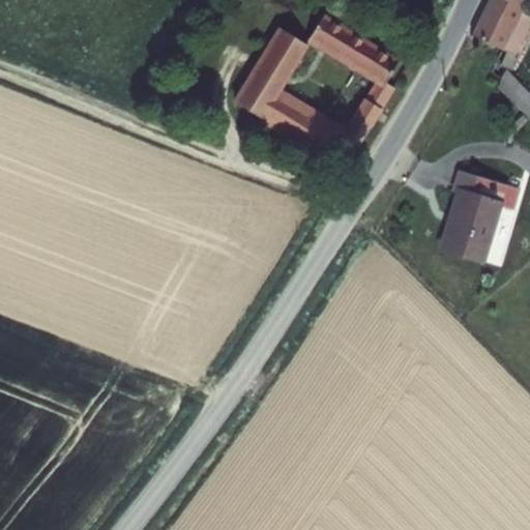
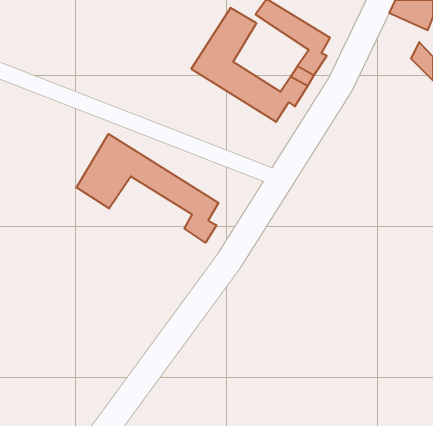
building: none -> [76,134,218,243]
building: [453,177,519,267] -> none

